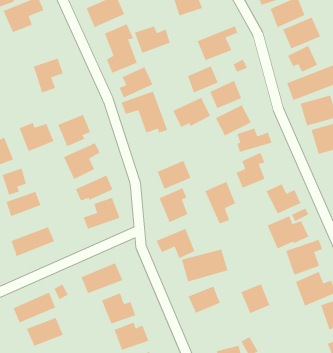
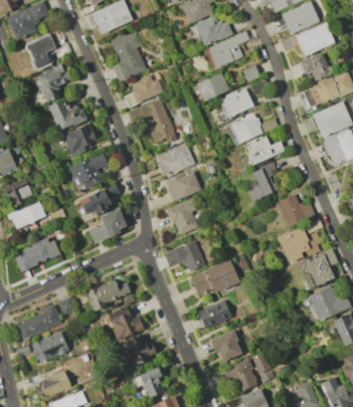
building: [134,25,171,54] -> [194,16,232,45]
building: none -> [24,33,55,69]
building: [172,97,211,128] -> [155,143,195,175]
building: [19,122,55,152] -> [49,99,86,131]
building: [204,181,236,224] -> none
building: [240,283,270,314] -> [211,330,242,362]

